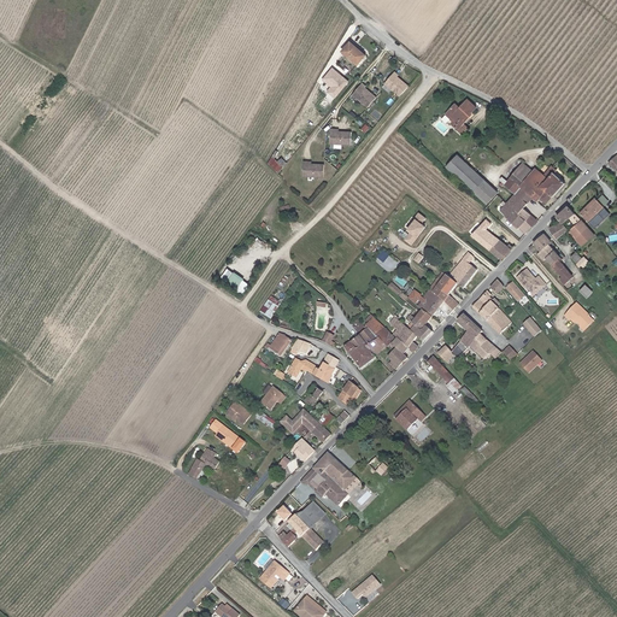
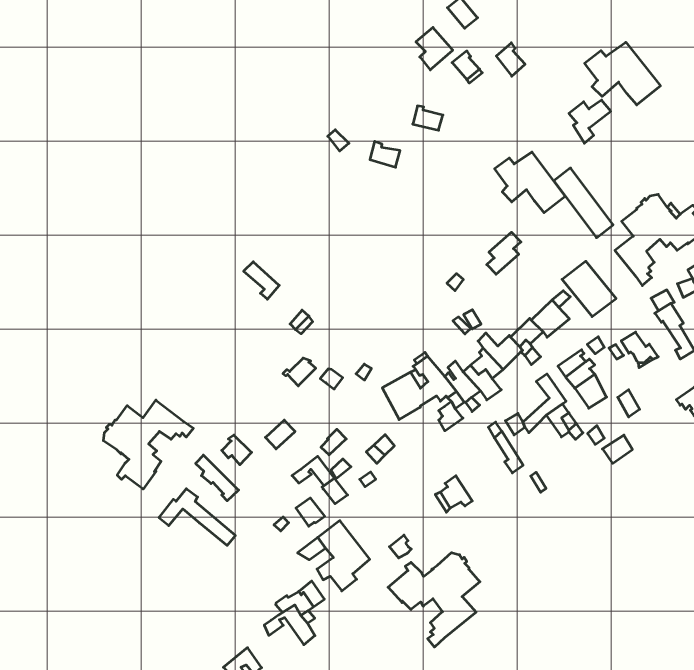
building: none -> [585,42,660,105]
building: none -> [495,152,565,213]
building: [287,354,337,382] -> none
building: none -> [103,400,193,489]
building: none -> [388,553,480,647]

